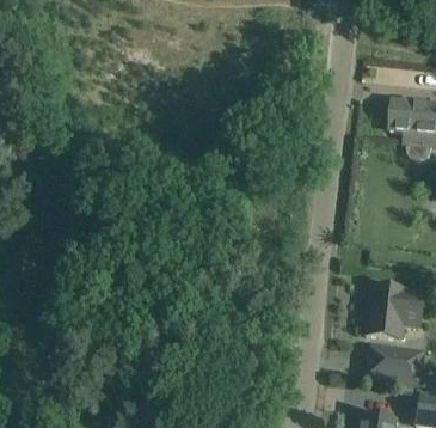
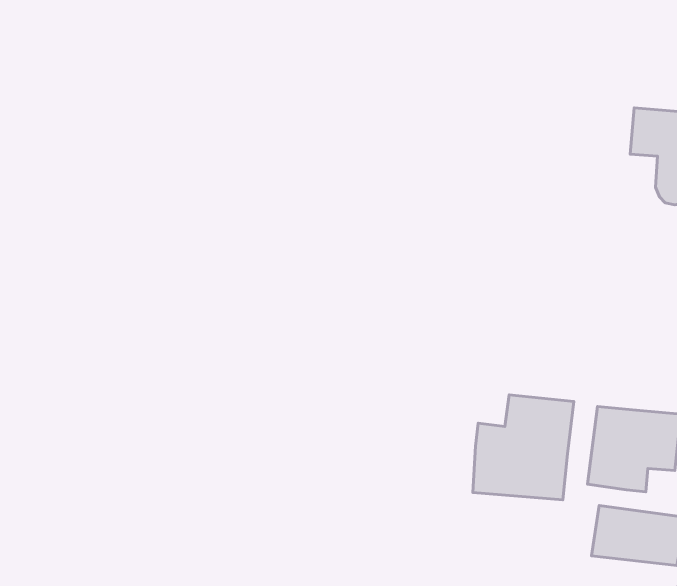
building: none -> [473,395,574,500]

